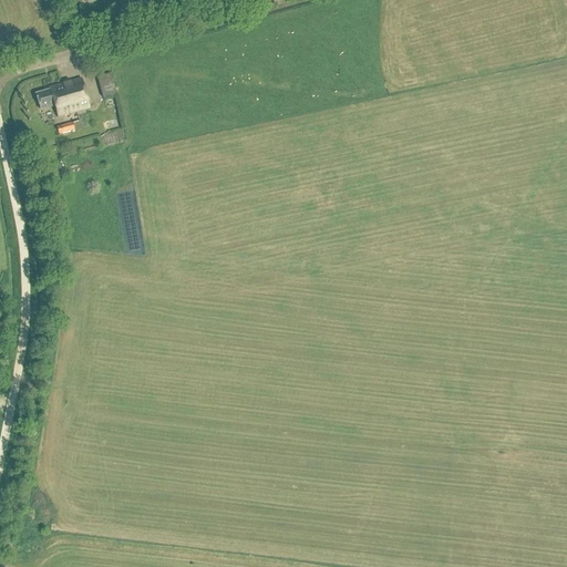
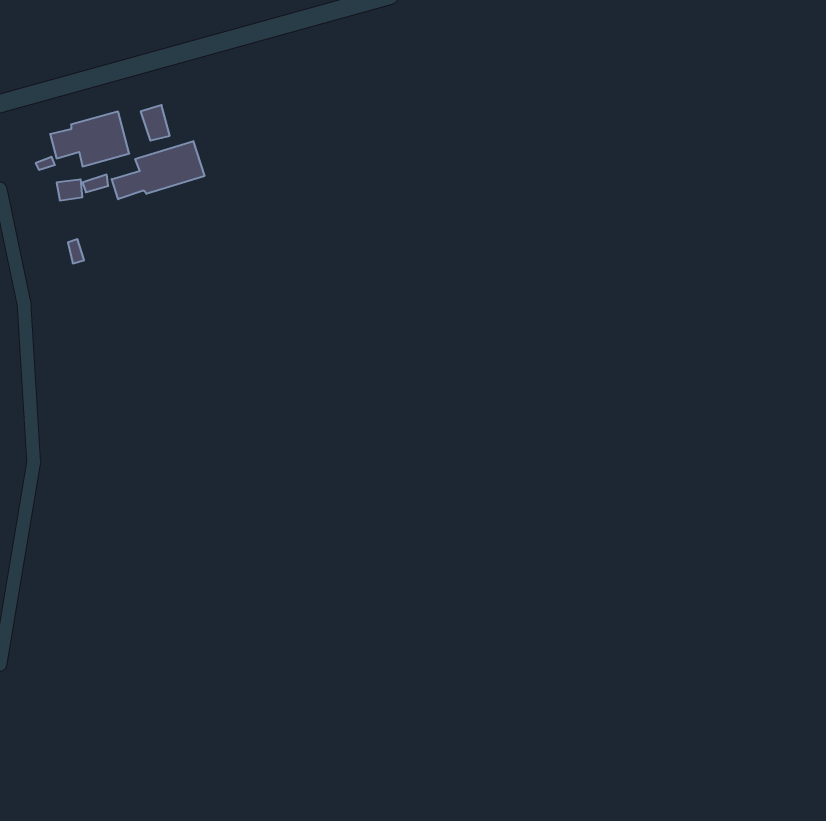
building: none -> [112,141,204,199]

